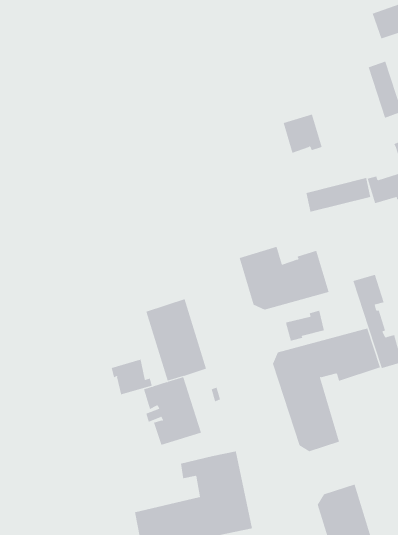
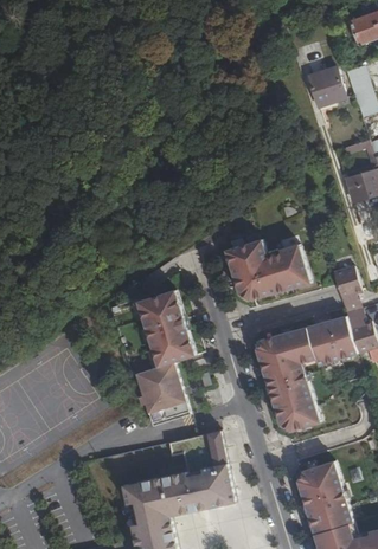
building: [283,114,323,153] -> [308,71,345,108]
building: [306,177,371,213] -> none
building: [285,310,324,342] -> none
building: [111,359,153,395] -> none

